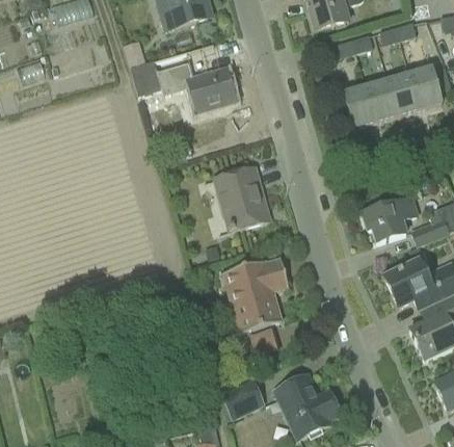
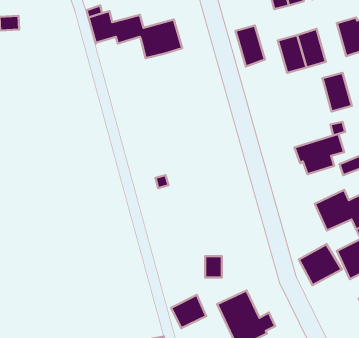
building: [386,72,420,115] -> [322,73,352,111]
building: none -> [236,25,265,66]
building: [215,166,269,230] -> none
building: [222,257,289,332] -> none
building: none -> [299,244,342,285]

